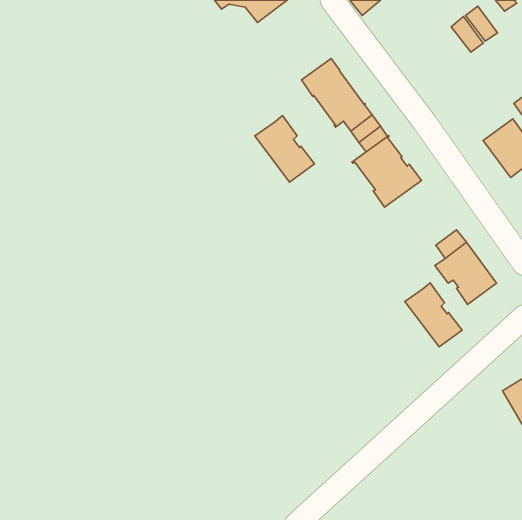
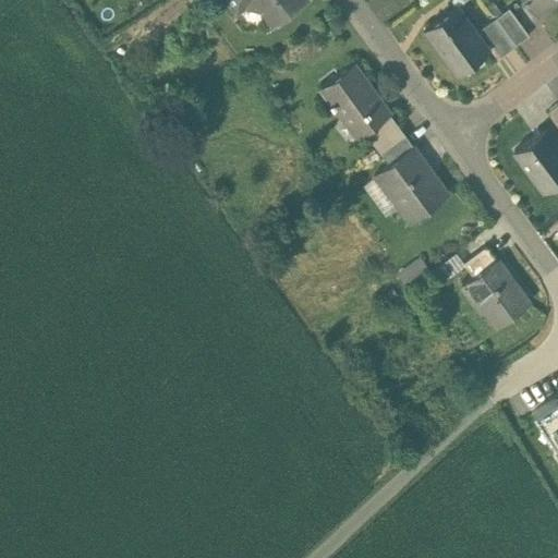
building: none -> [426,9,490,76]
building: [255,116,315,182] -> none
building: [405,283,462,347] -> none

